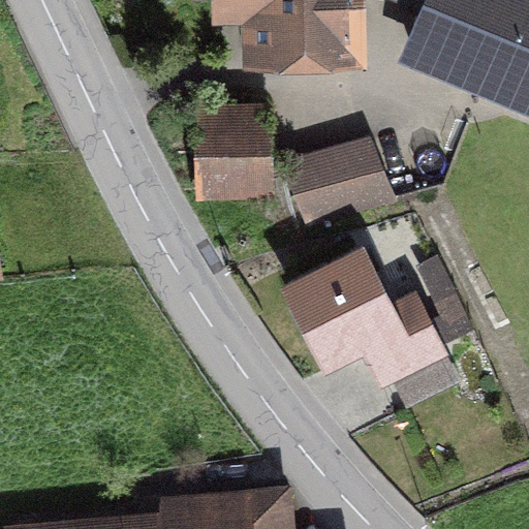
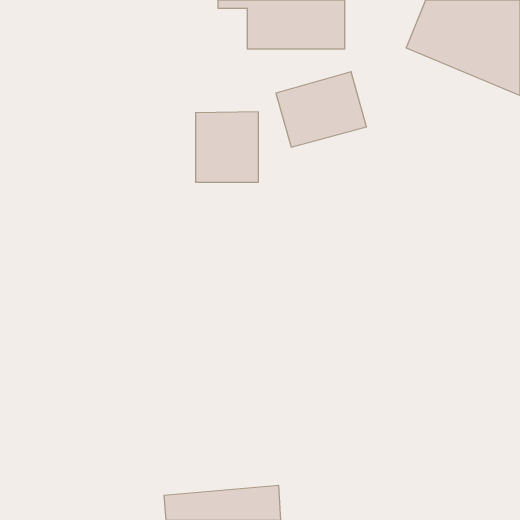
building: [295,143,387,219] -> [276,72,367,147]
building: [291,252,438,376] -> none

